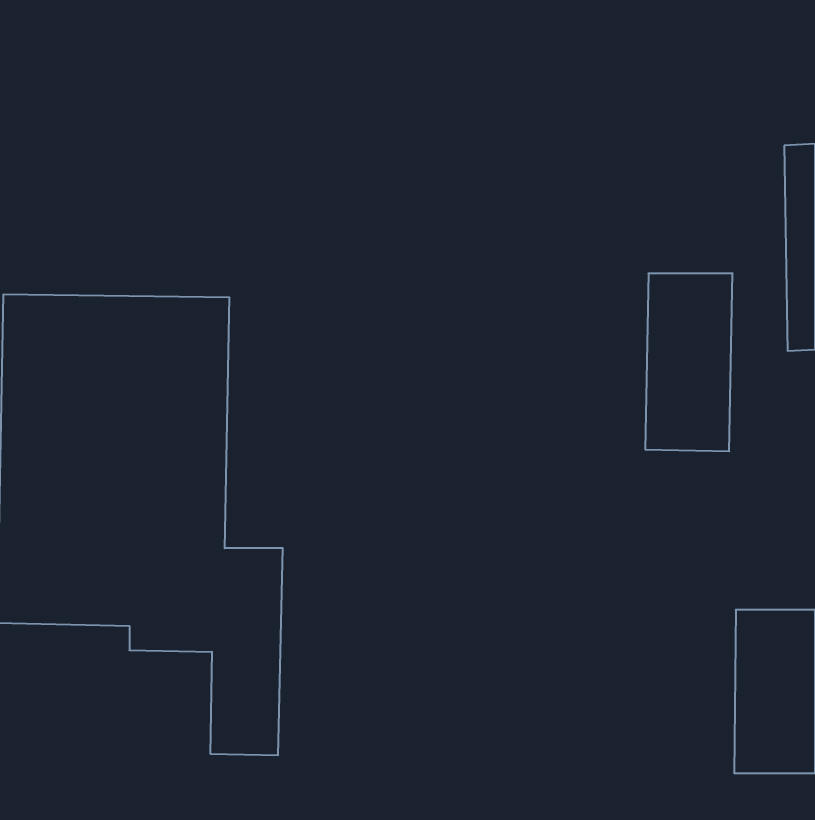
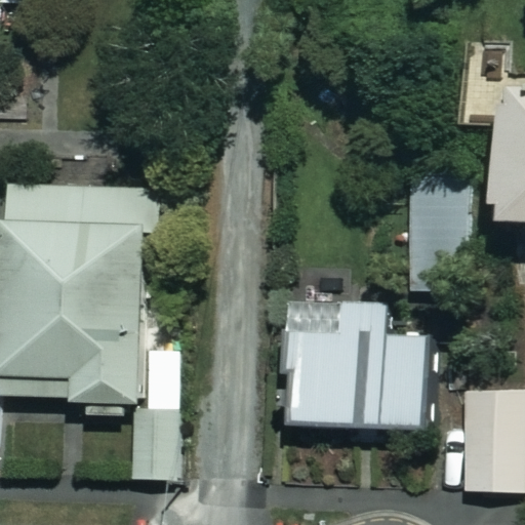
building: none -> [282,302,435,429]

